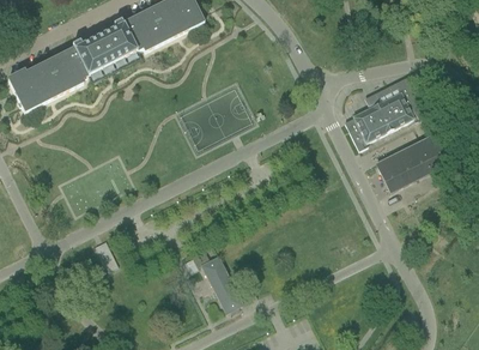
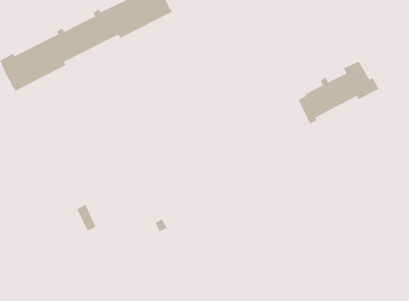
building: [375,129,451,192] -> none
building: [200,242,242,312] -> none

